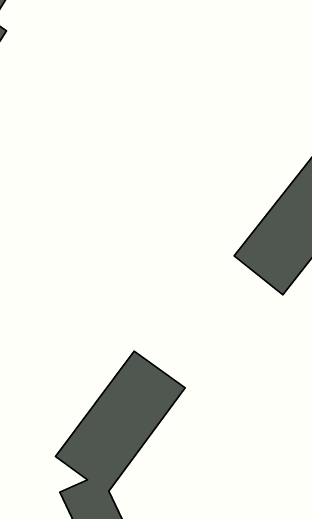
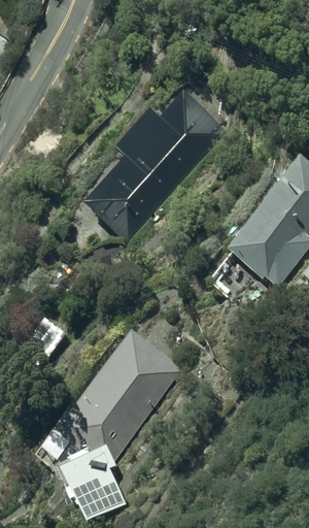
building: none -> [84,88,228,240]

